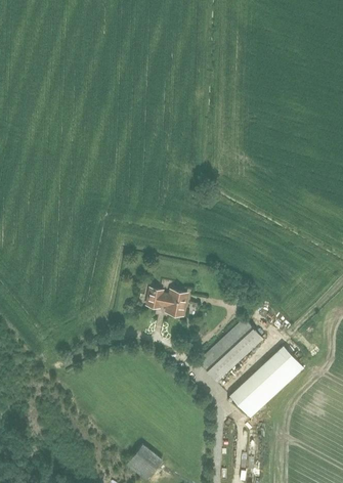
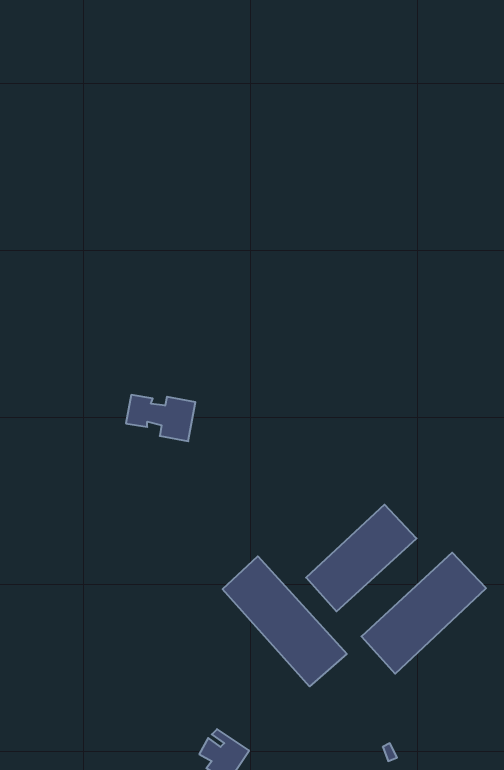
building: [146,289,186,315] -> [126,395,195,441]
building: none -> [223,556,347,686]

